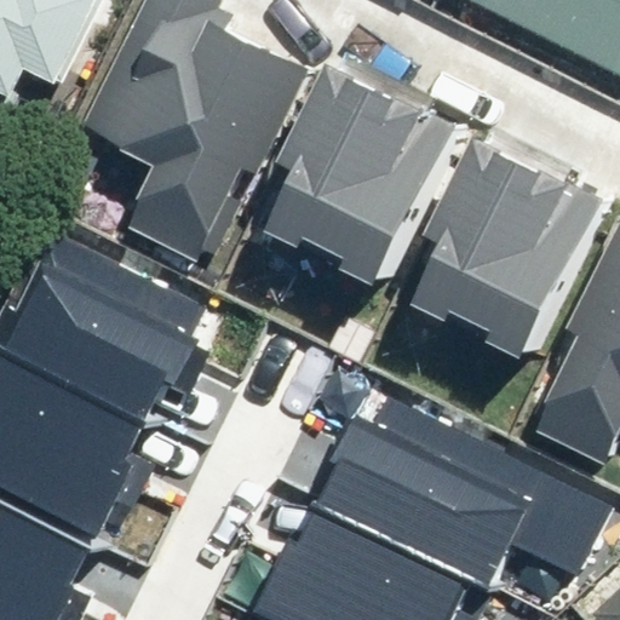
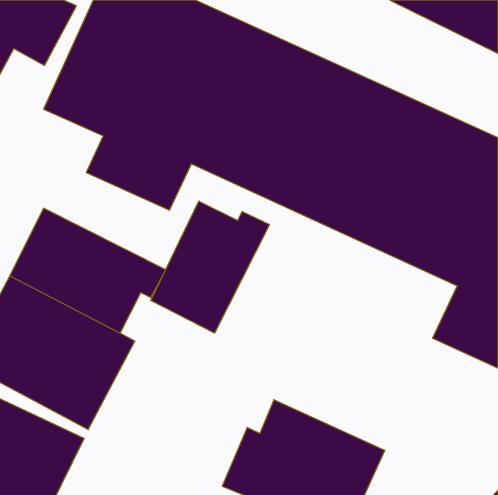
building: none -> [151,201,269,333]
building: [334,397,601,580] -> none

